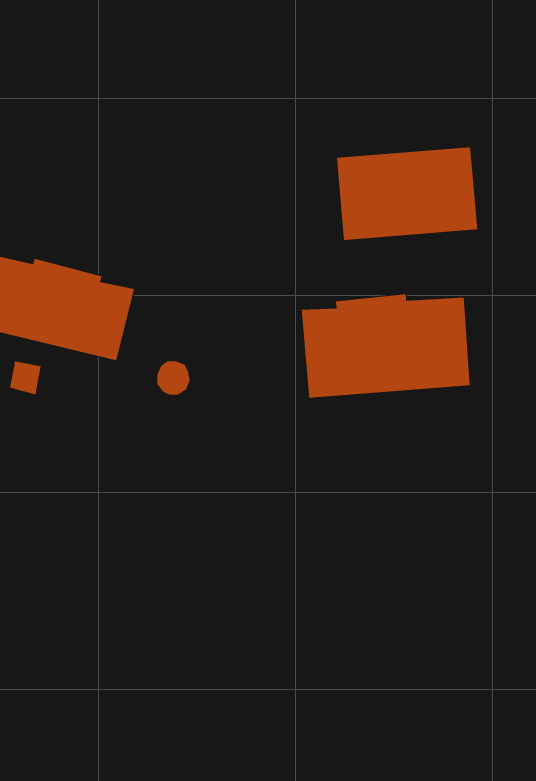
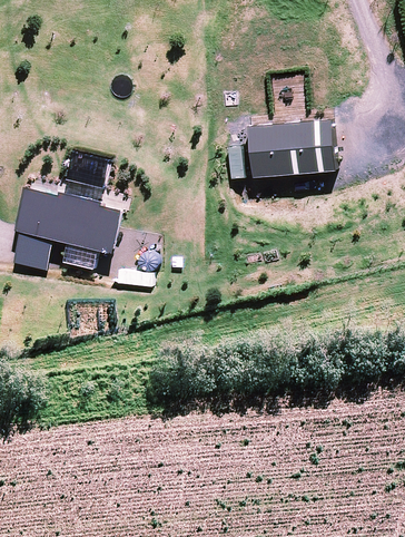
building: [301,293,470,399] -> none

